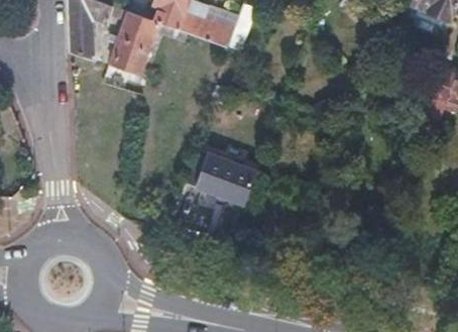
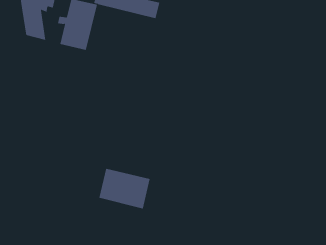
building: [197,148,259,201] -> [99,168,150,209]

